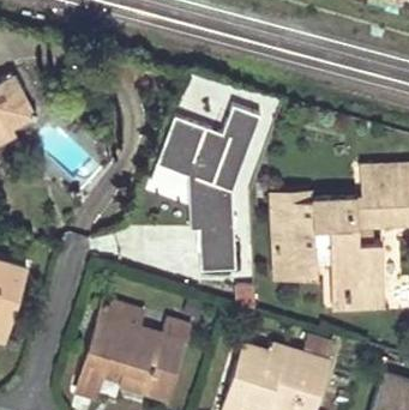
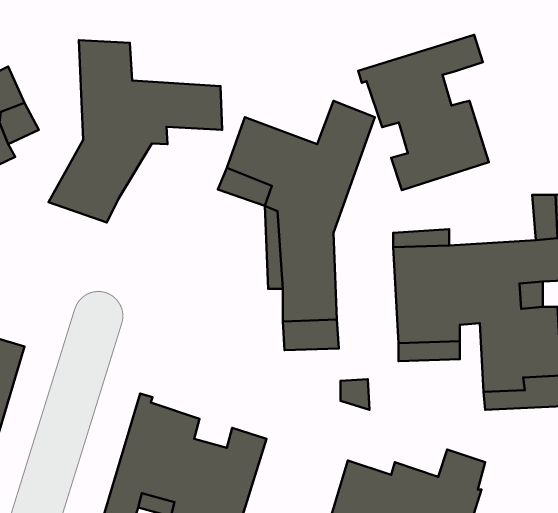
building: none -> [358,35,489,190]
building: none -> [48,40,222,223]

